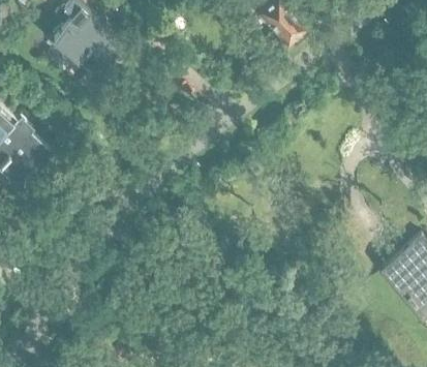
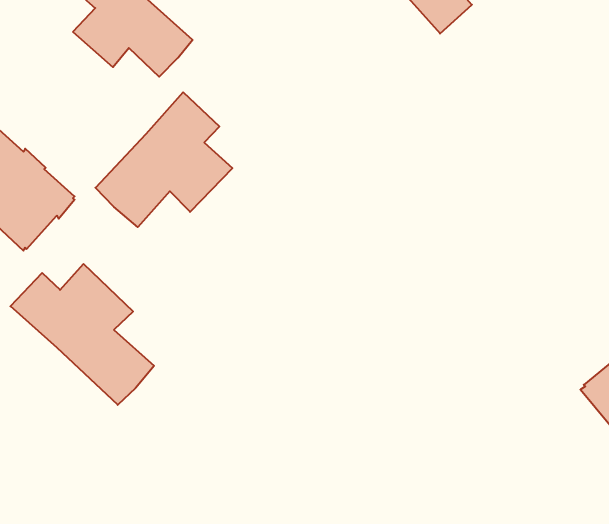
building: none -> [95,92,232,227]
building: none -> [10,264,154,405]

